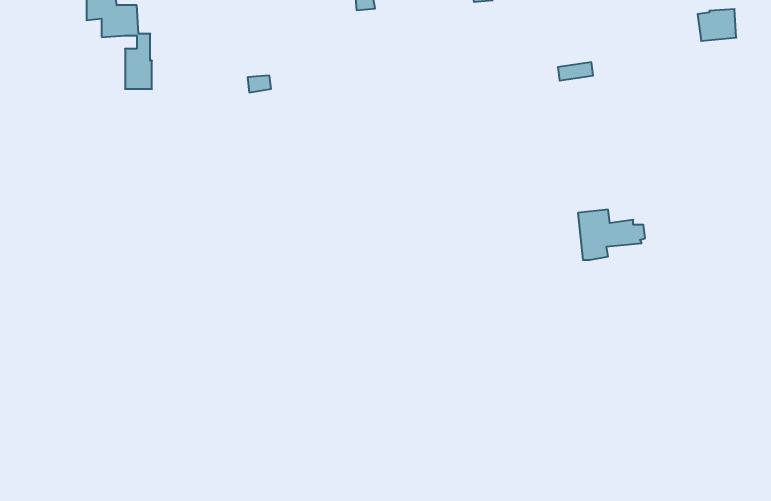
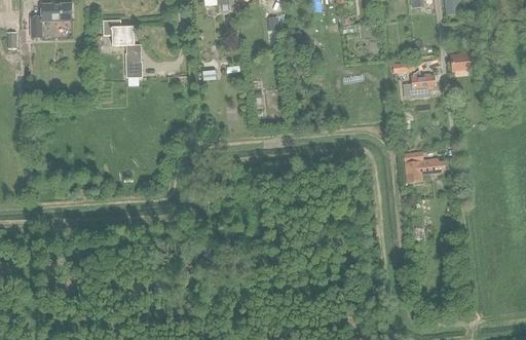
building: [698,9,736,41] -> [451,51,475,71]
building: none -> [405,71,436,95]

